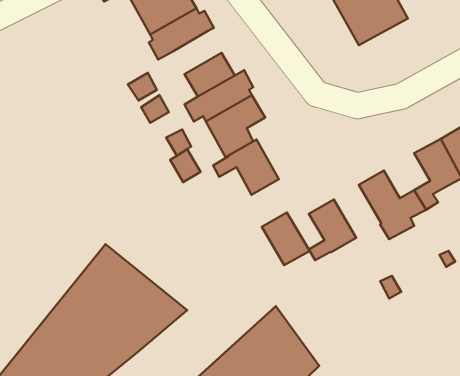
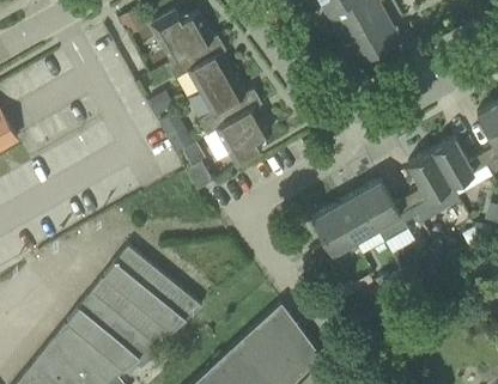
building: none -> [189,53,233,92]
building: [213,139,279,195] -> none
building: [262,212,309,265] -> [335,193,378,240]

